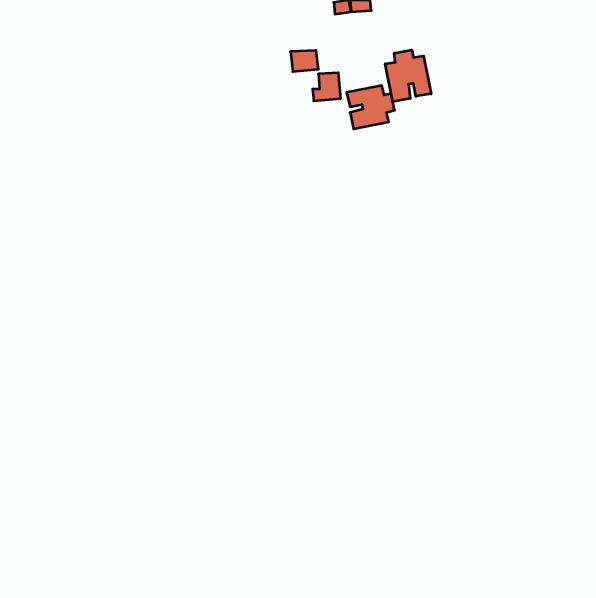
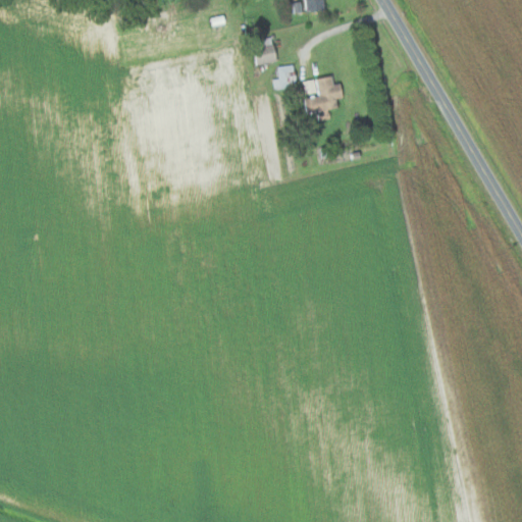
building: [385,50,431,102] -> none

